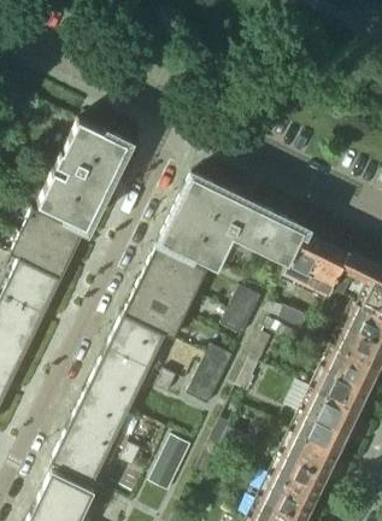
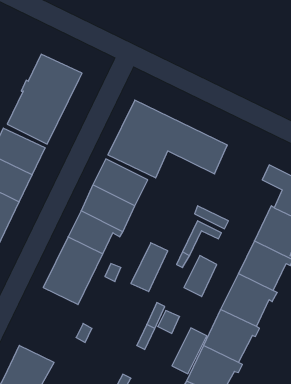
building: [282,233,346,298] -> none
building: [221,288,260,338] -> [184,256,217,297]
building: [51,403,123,486] -> none
building: [147,439,189,494] -> [172,328,207,374]

